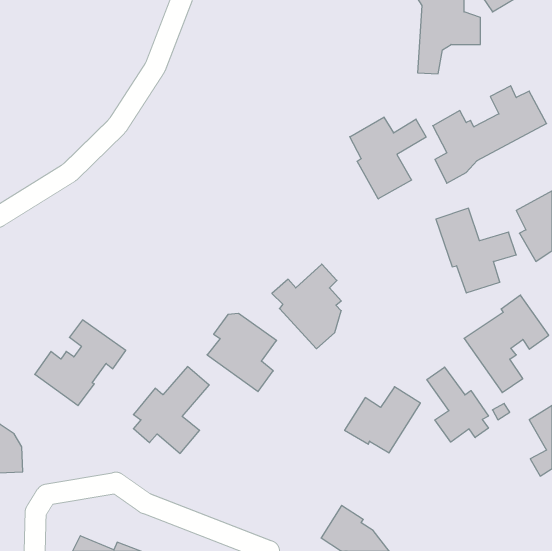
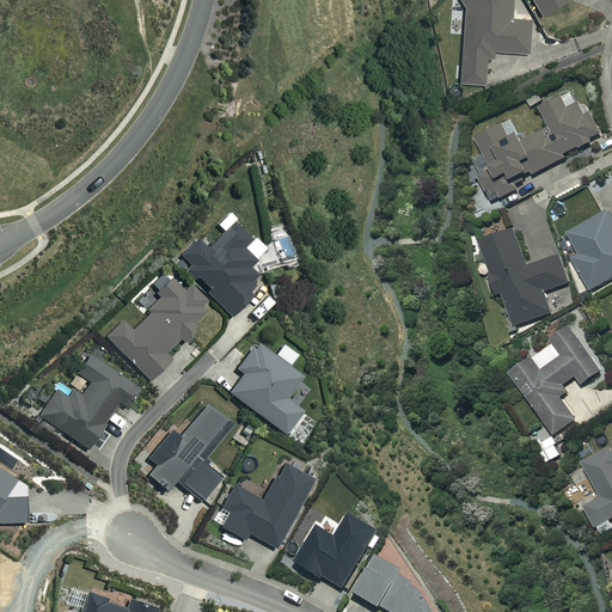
building: [350,117,426,199] -> none
building: none -> [104,276,220,382]
building: [272,264,341,349] -> [179,220,256,313]
building: [427,367,488,442] -> none
building: [345,387,420,453] -> [293,514,377,587]
building: none -> [219,460,312,545]

